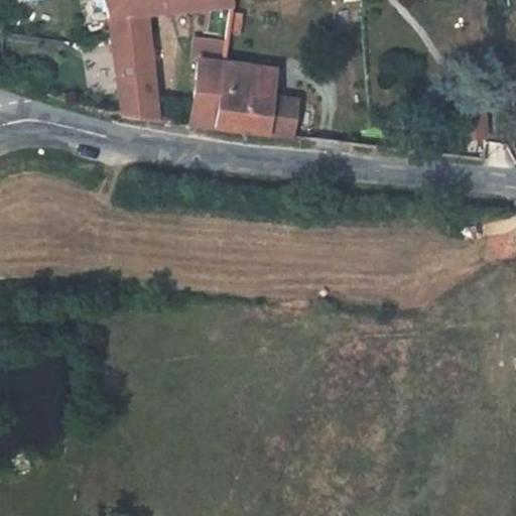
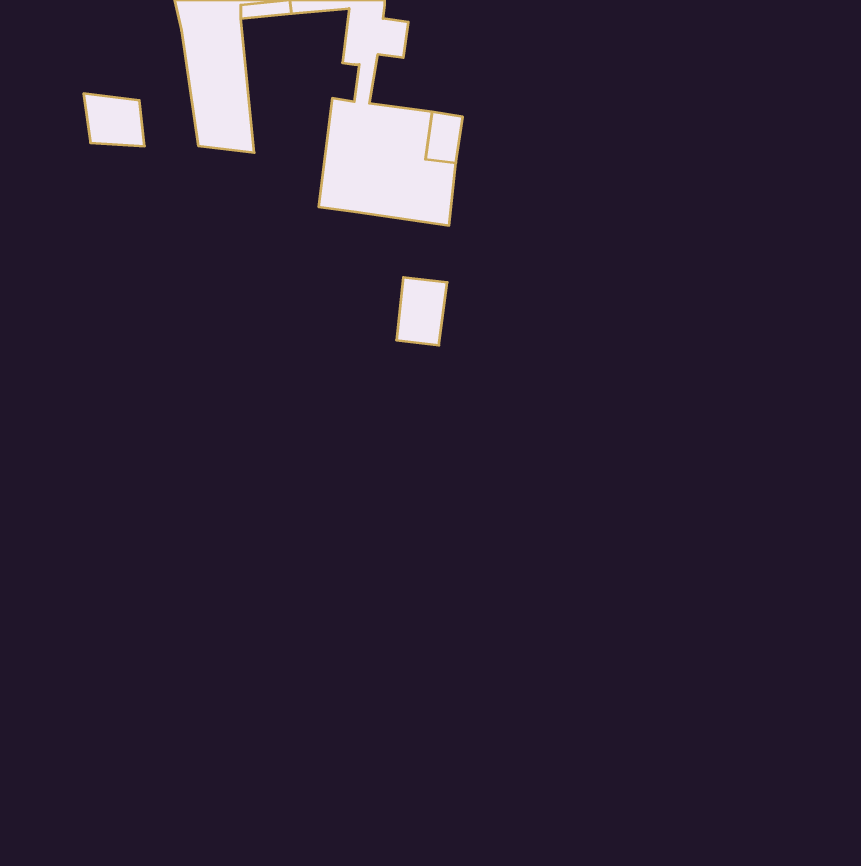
building: [121,87,157,118] -> [84,94,145,146]
building: [270,97,300,137] -> [396,277,447,345]

